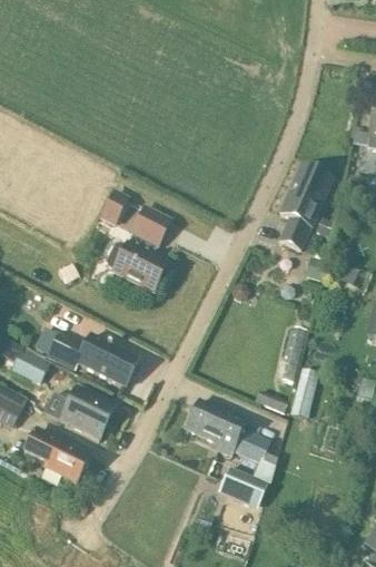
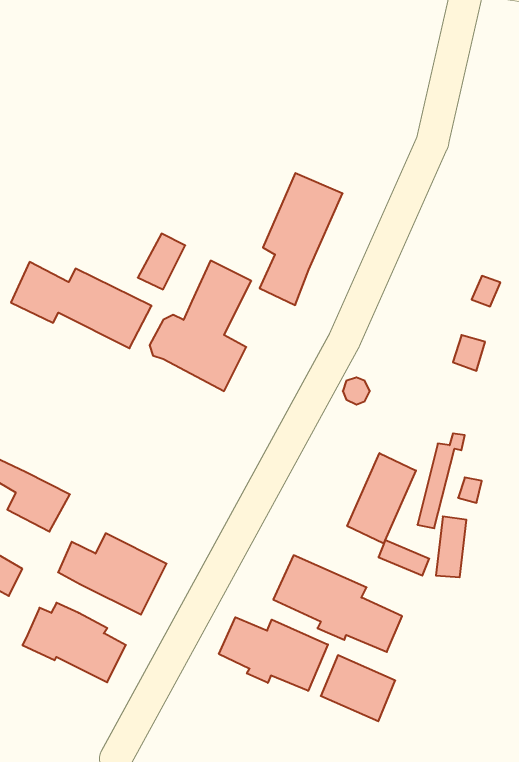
building: [278,164,333,251] -> [260,173,343,305]
building: [47,330,139,387] -> [11,262,152,348]
building: none -> [347,453,416,544]
building: none -> [219,617,328,691]

